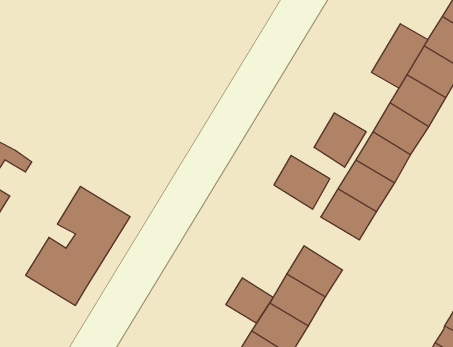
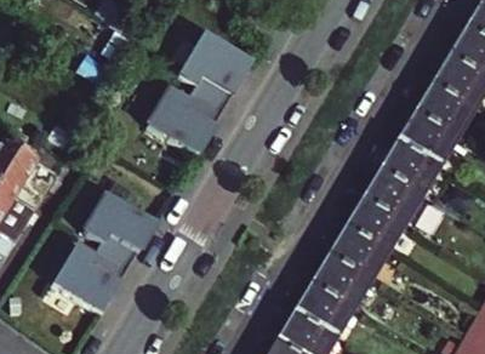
building: [372,24,428,88] -> none
building: none -> [149,35,253,154]
building: [314,113,366,167] -> none
building: [274,156,330,209] -> [331,223,387,276]
building: [226,278,273,323] -> none

